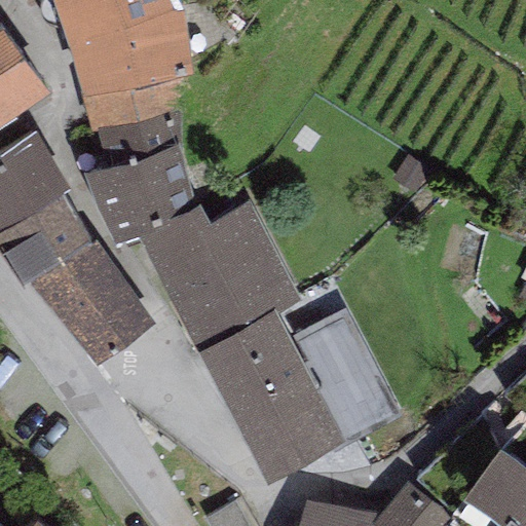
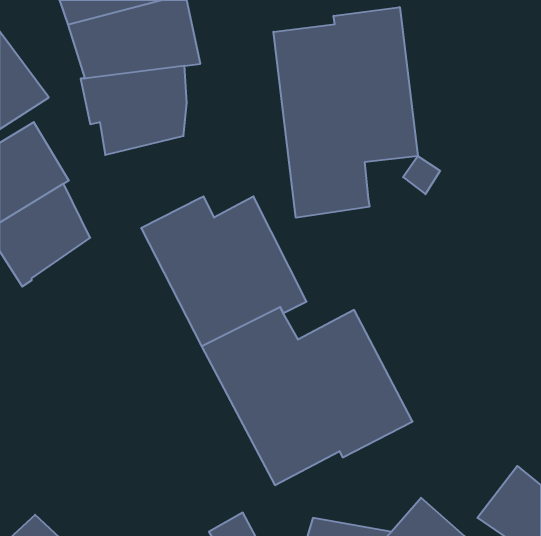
building: none -> [273,7,418,218]
building: [82,138,193,237] -> none
building: [31,232,154,363] -> none

